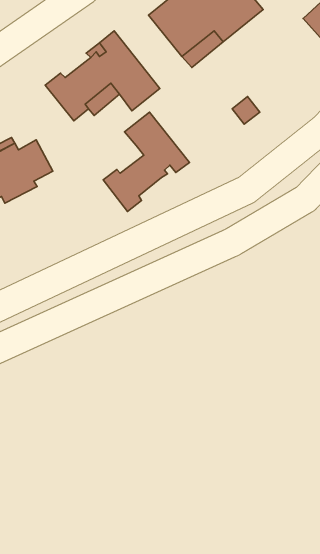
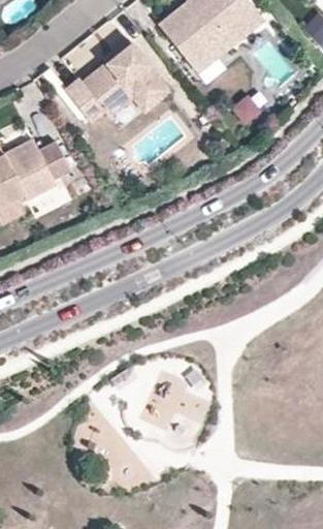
building: [103,112,190,212] -> none

